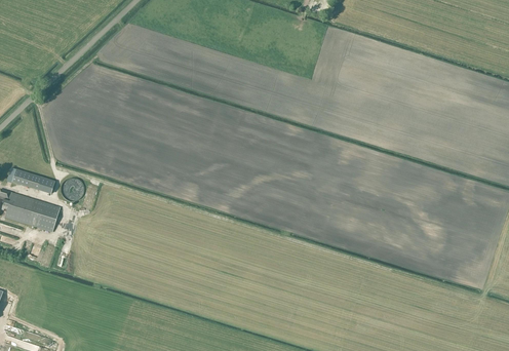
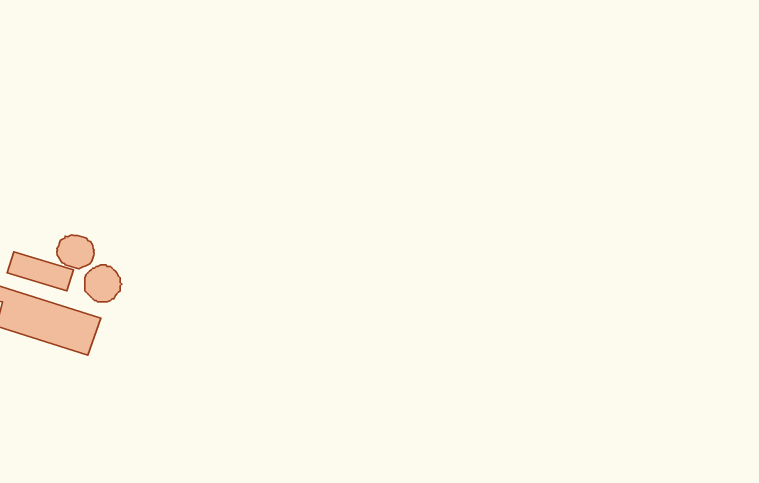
building: none -> [57,235,94,269]

